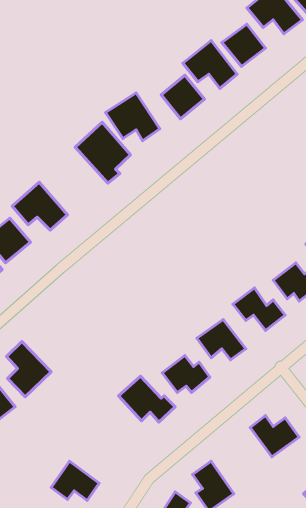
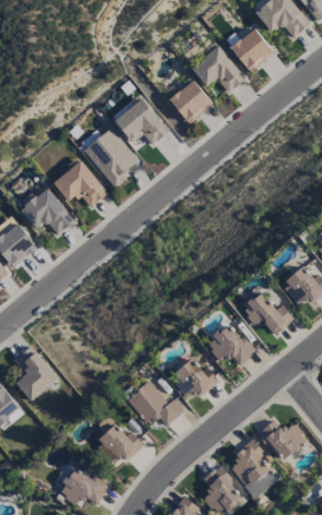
building: none -> [53,159,106,205]
building: none -> [95,423,144,462]
building: none -> [230,438,278,498]

